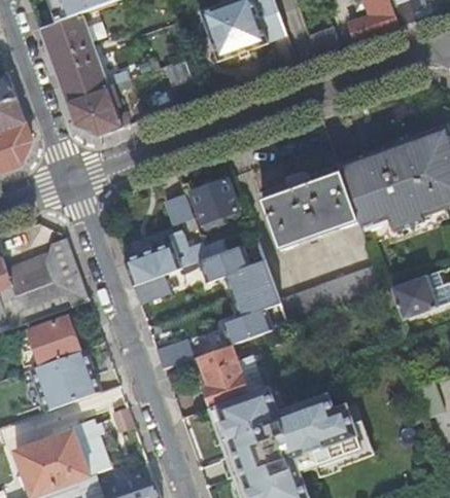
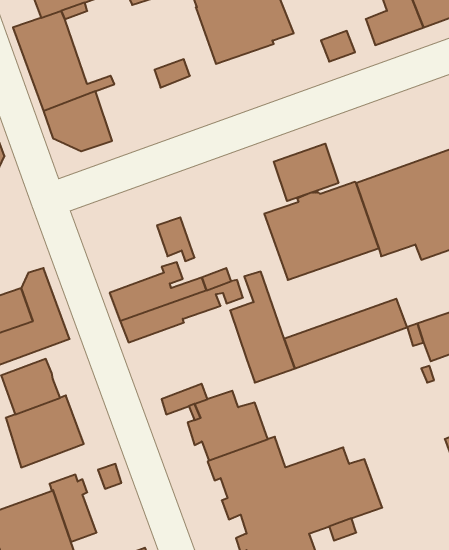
building: none -> [274,144,338,201]
building: [189,177,237,222] -> none
building: [201,316,249,351] -> none

